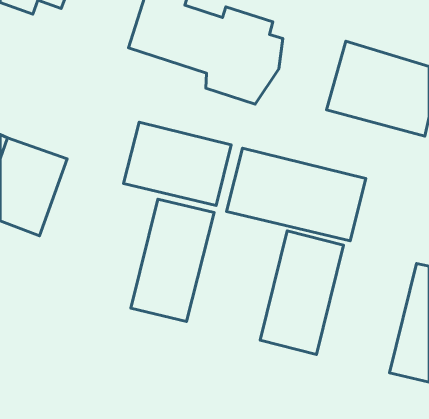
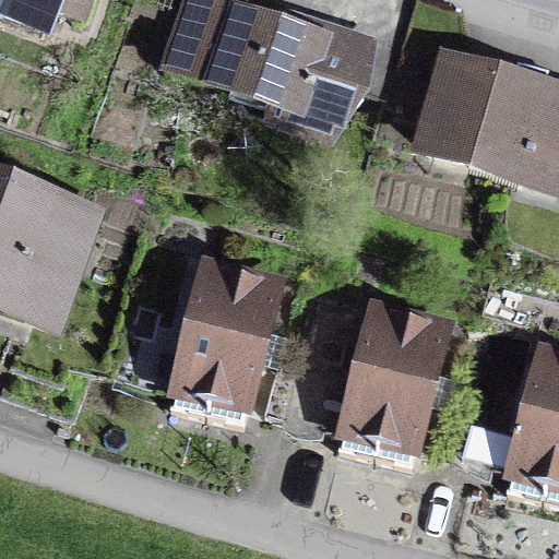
building: [124,122,231,206] -> none
building: [227,148,366,241] -> none

